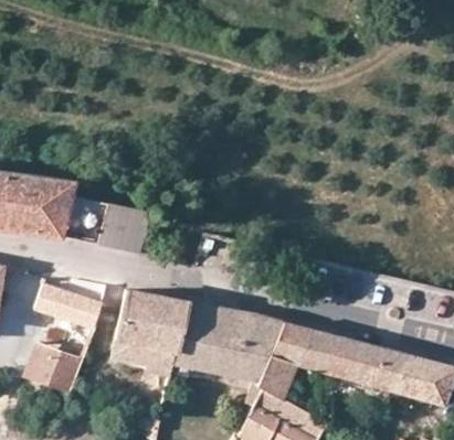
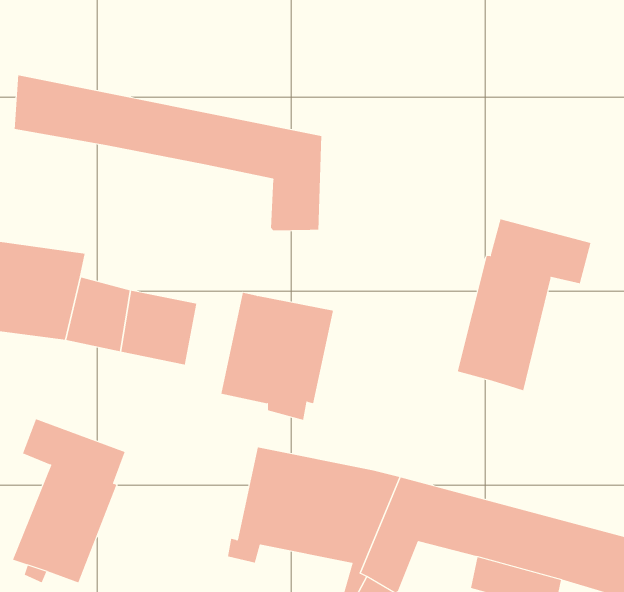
building: none -> [14,75,322,231]
building: none -> [457,218,591,391]
building: [113,291,188,376] -> [221,292,334,420]

